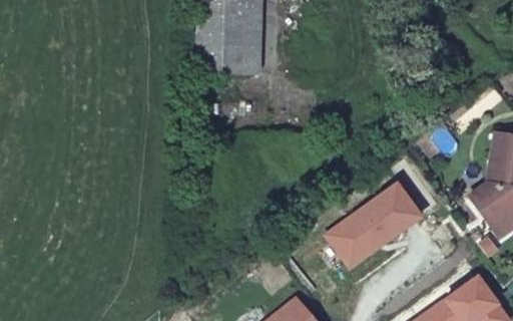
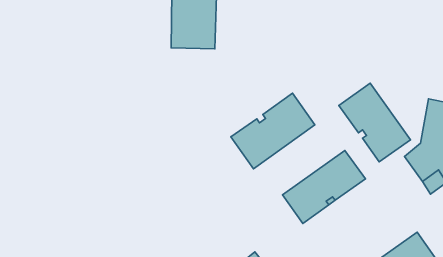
building: none -> [339,83,410,162]
building: none -> [231,93,315,169]

